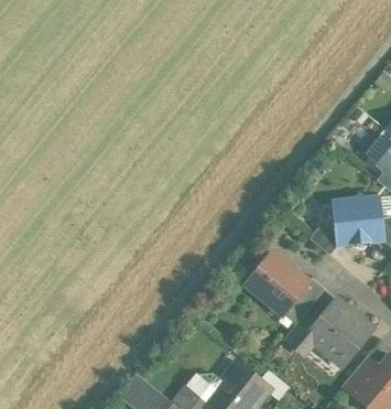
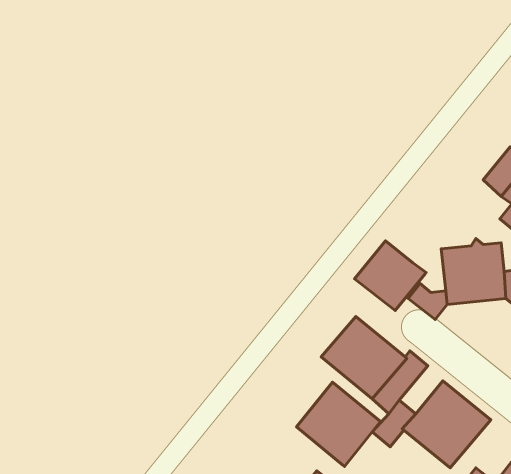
building: none -> [355,241,426,310]
building: none -> [297,382,380,466]

